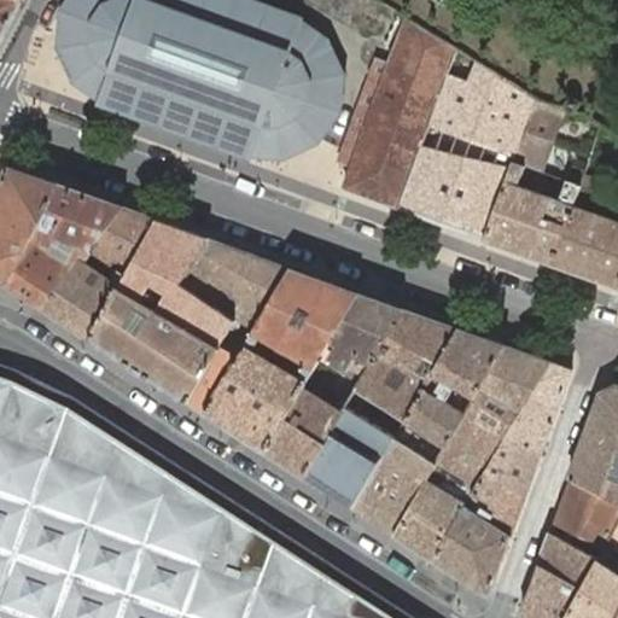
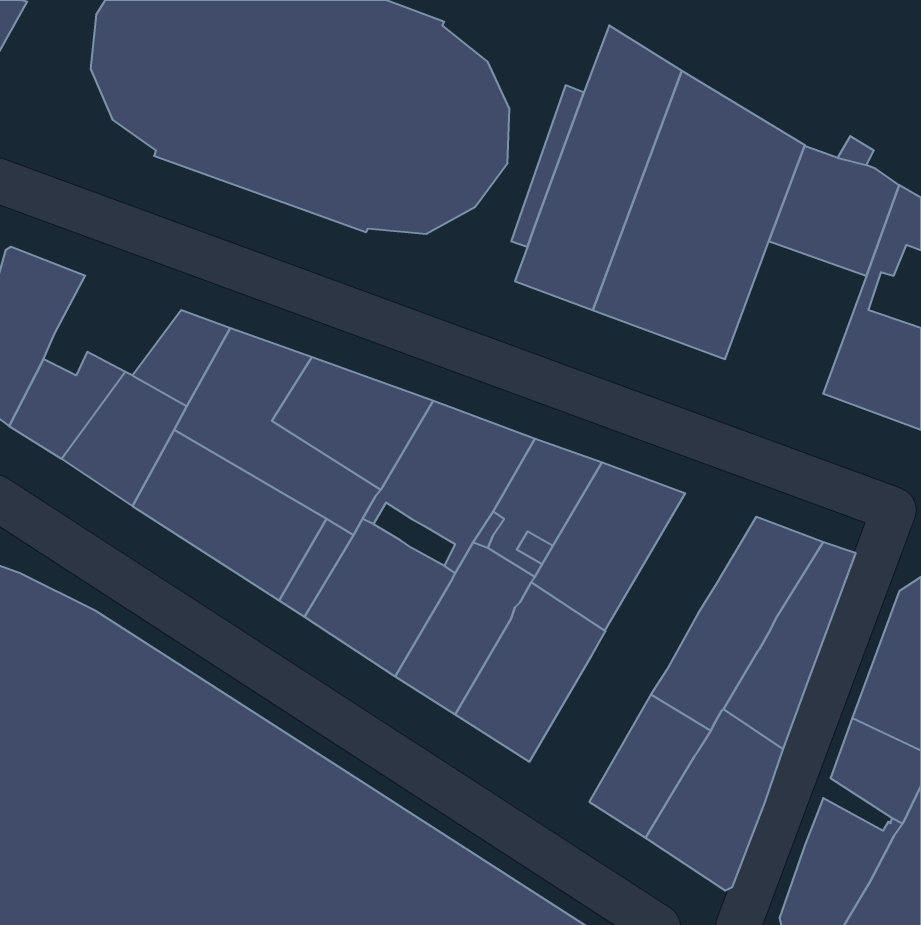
building: [483,162,577,263] -> none
building: [36,185,121,251] -> none
building: [403,330,503,447] -> none
building: [352,438,433,535] -> none

